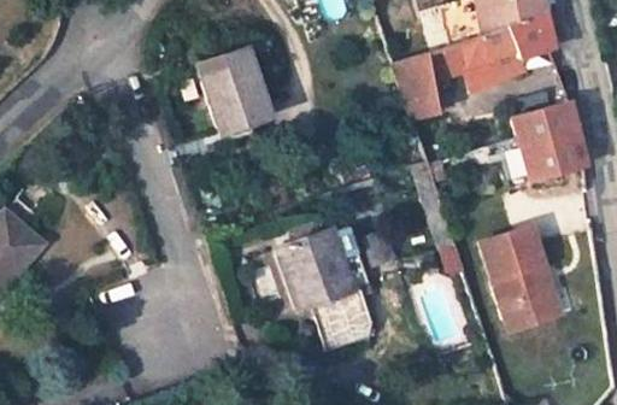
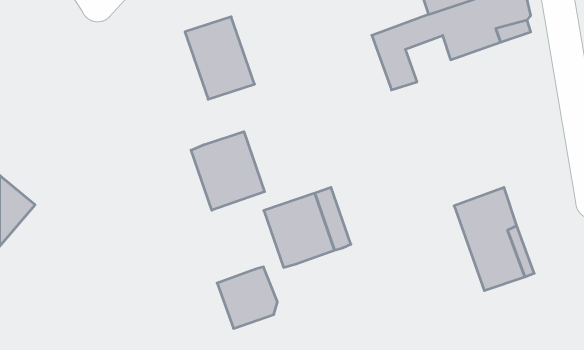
building: [513,100,586,181] -> none
building: none -> [191,132,265,210]
building: [315,287,377,351] -> [217,267,277,328]

